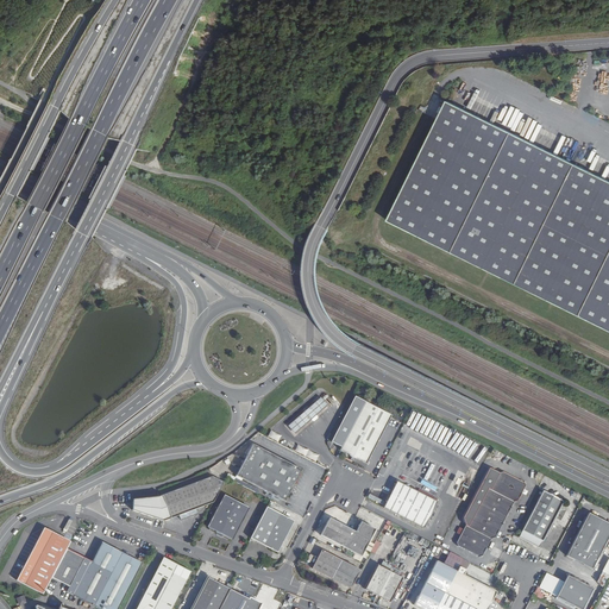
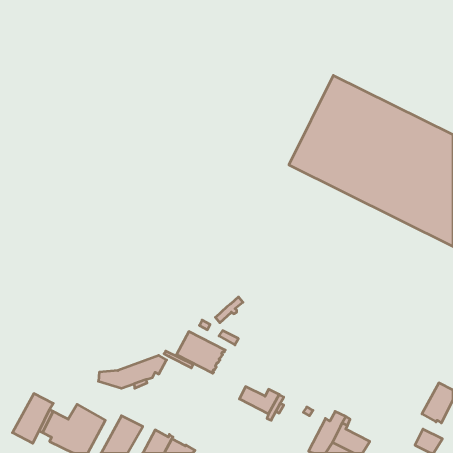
building: [340,402,391,464] -> none
building: [457,467,526,557] -> none
building: [383,482,437,528] -> none
building: [520,490,564,546] -> none
building: [207,495,250,540] -> none
building: [250,507,294,553] -> none
building: [313,551,360,589] -> none
building: [364,565,402,602] -> none

